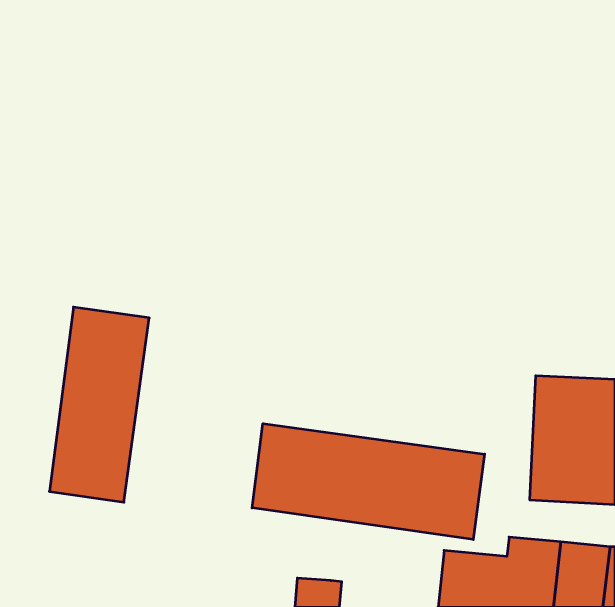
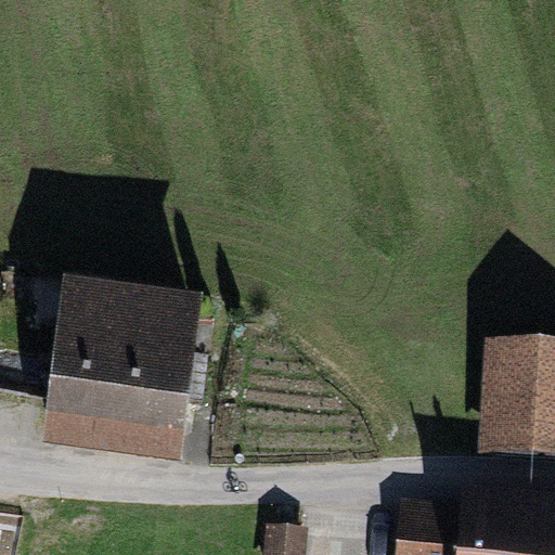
building: none -> [112,286,206,462]
building: [252,424,485,540] -> none

